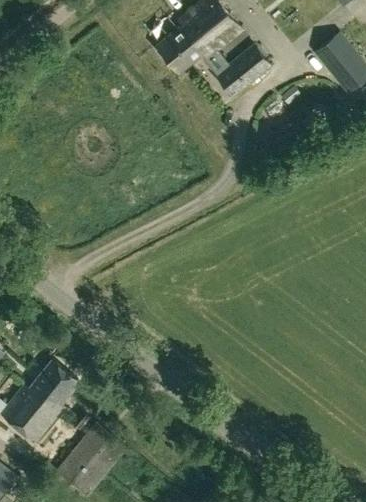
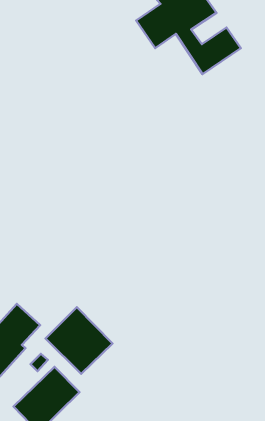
building: none -> [45,307,112,374]

